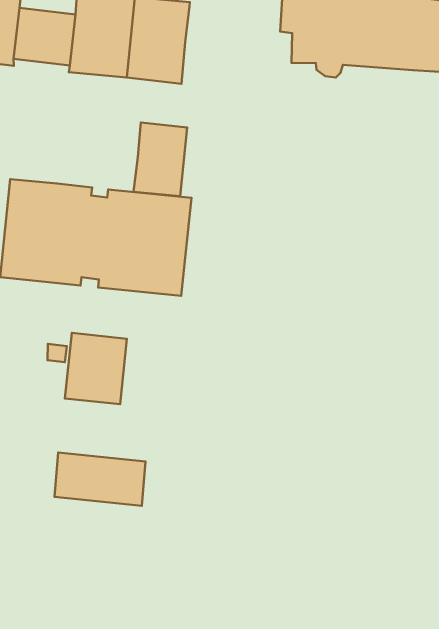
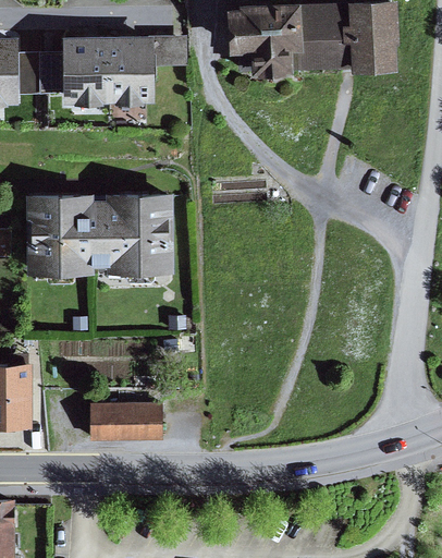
building: none -> [154,39,186,71]
building: [134,122,187,196] -> none
building: [65,333,127,404] -> none

